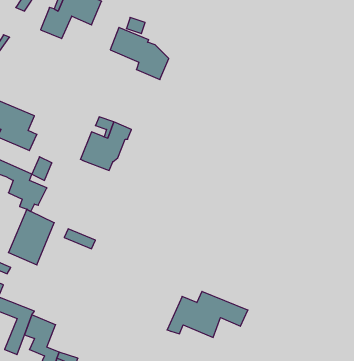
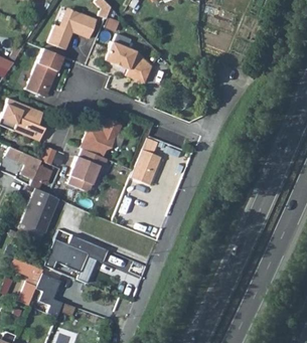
building: none -> [25,47,59,95]
building: none -> [67,148,107,191]
building: none -> [130,148,160,183]
building: [167,291,248,337] -> [43,234,109,272]

